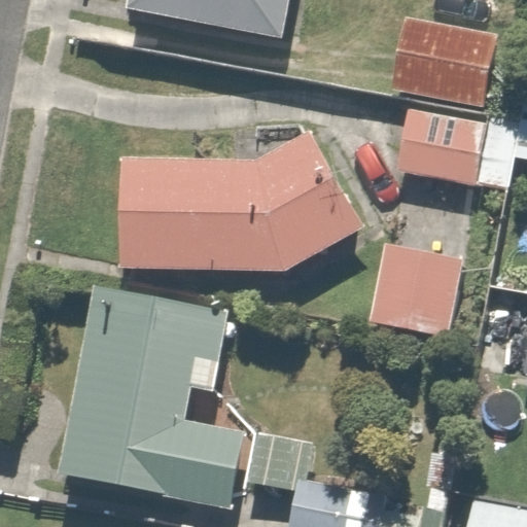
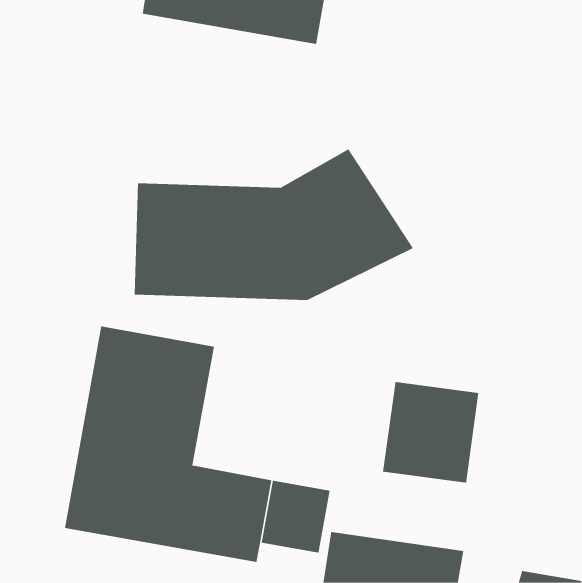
building: [390,30,490,100] -> none
building: [394,106,513,186] -> none
building: [371,237,458,328] -> [382,381,479,483]

